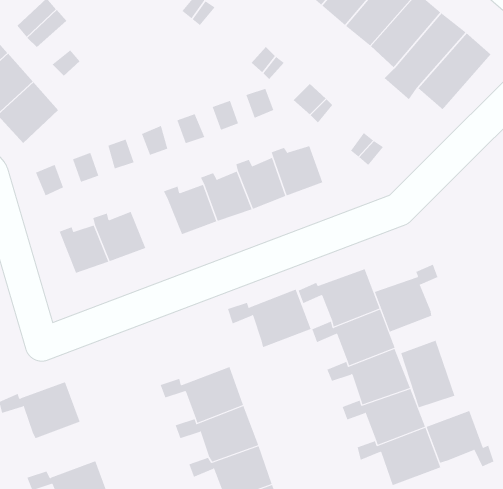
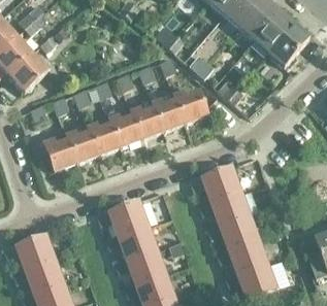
building: none -> [87,123,119,154]
building: [374,264,438,333] -> none
building: [227,289,311,348] -> [97,201,149,237]
building: [401,340,455,408] -> none
building: [426,410,494,467] -> none
building: none -> [14,260,66,294]

